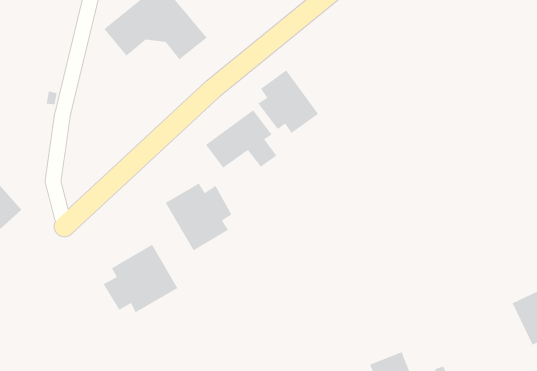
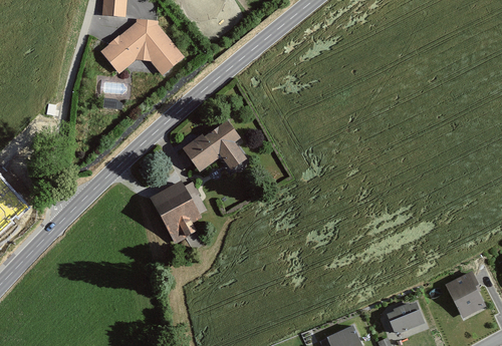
building: [258,69,319,134] -> none
building: [103,244,178,313] -> none
building: none -> [383,301,422,334]

